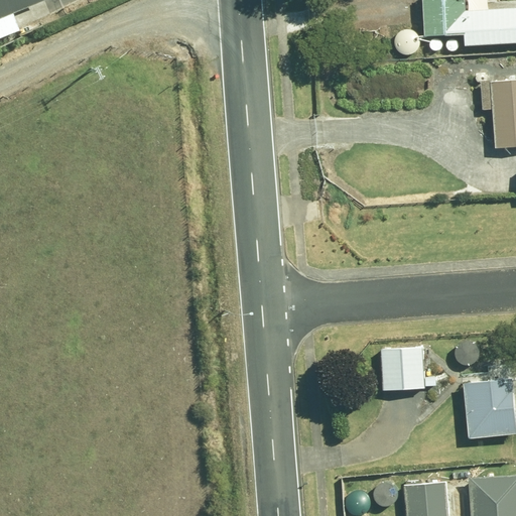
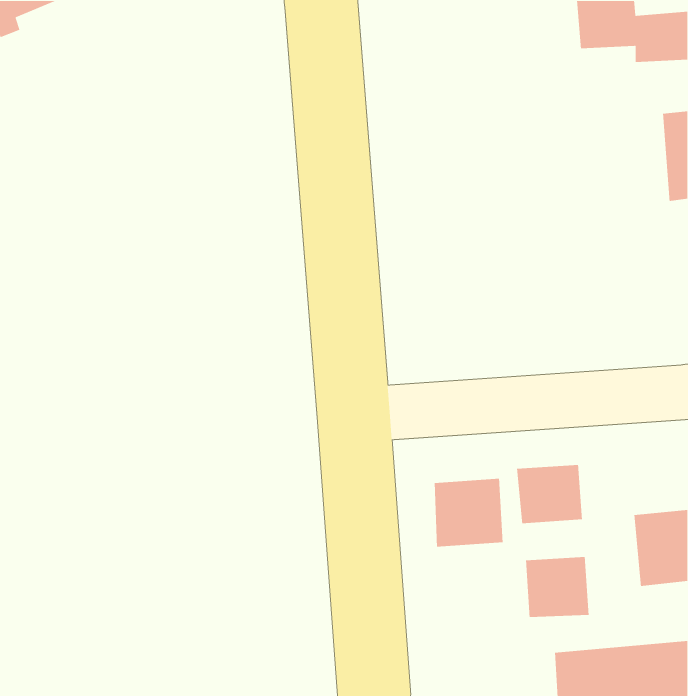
building: none -> [434,478,504,547]
building: none -> [525,556,589,618]

